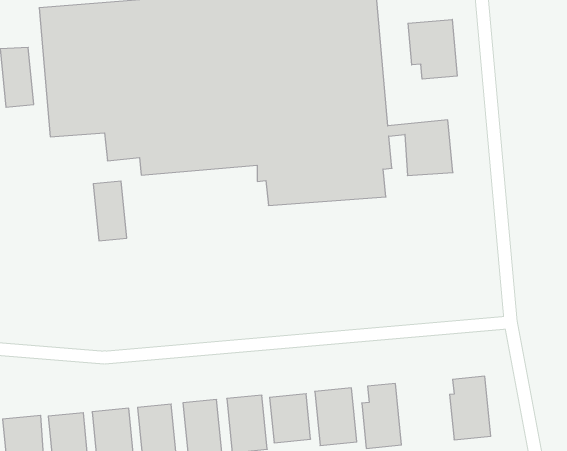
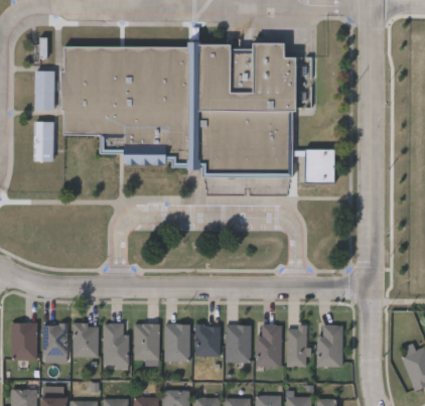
building: [408,19,457,79] -> none
building: [93,181,127,241] -> [33,121,52,160]
building: none -> [287,326,306,367]

